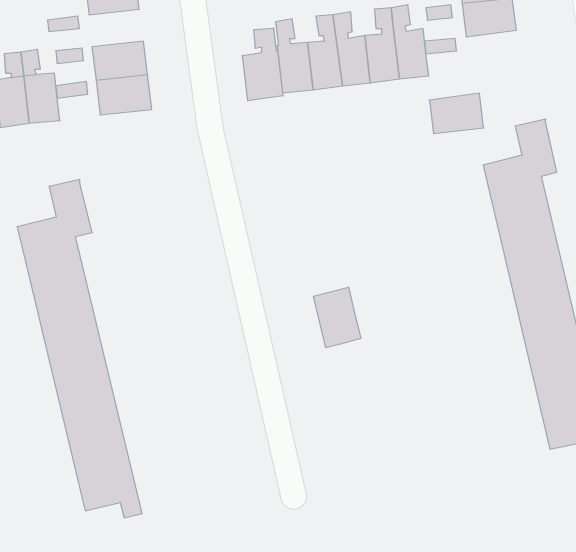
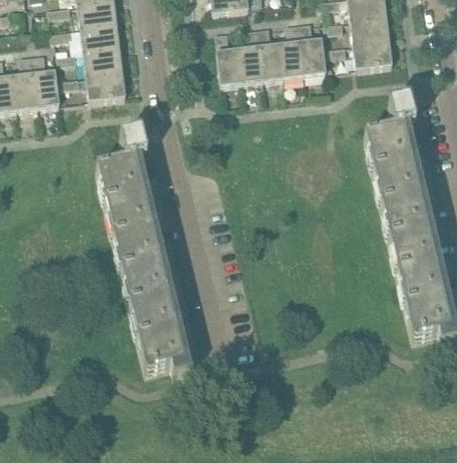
building: none -> [83,24,122,51]
building: [242,28,283,101] -> none
building: [429,93,484,134] -> [355,39,394,68]
building: [17,179,142,518] -> [98,135,188,379]
building: [314,287,361,348] -> none

